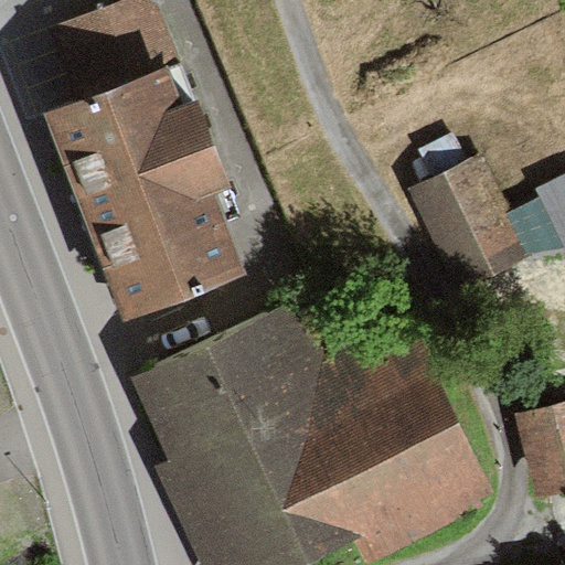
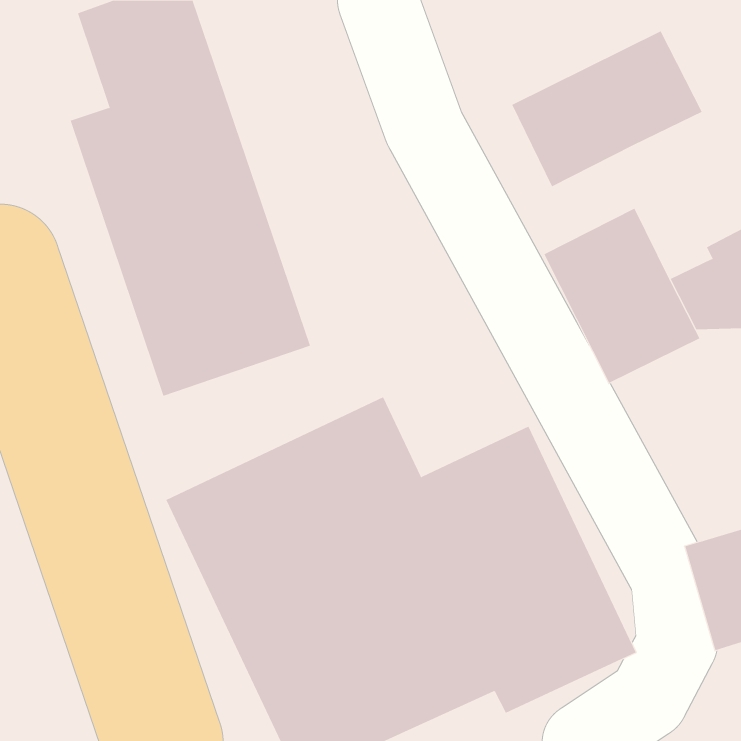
building: none -> [511,30,702,187]

